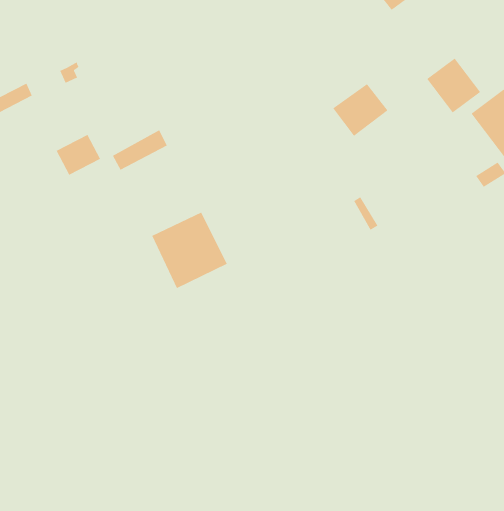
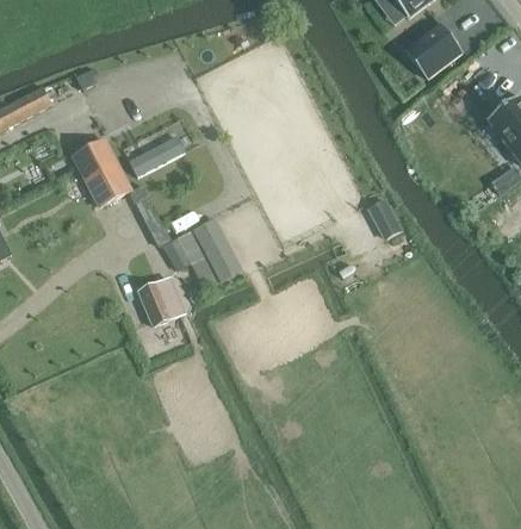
building: [332,83,389,137] -> [405,23,461,76]
building: none -> [86,163,131,205]
building: none -> [137,279,182,326]

